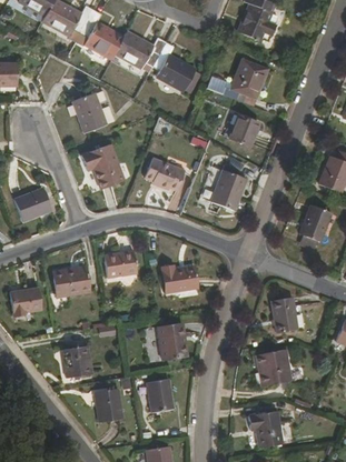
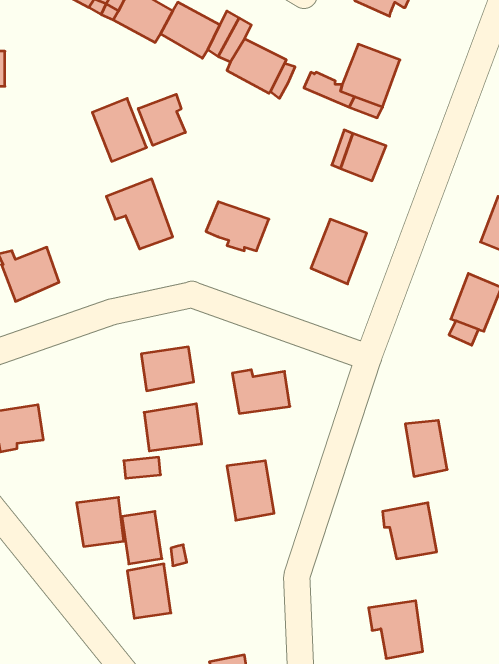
building: none -> [138,94,185,145]
building: [53,265,90,295] -> [144,404,202,451]
building: [148,379,174,412] -> [122,511,162,564]

